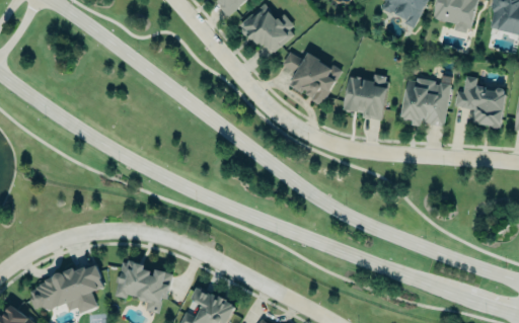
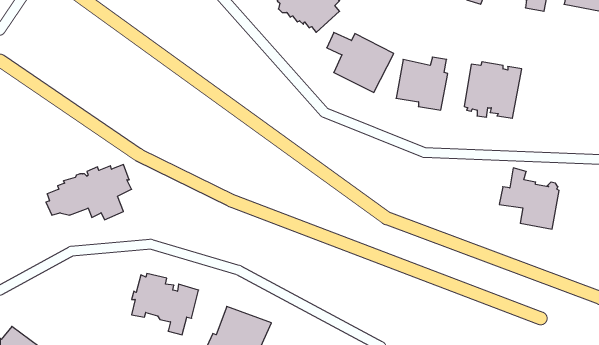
building: [454,75,506,128] -> [499,168,559,229]
building: [29,265,103,313] -> [46,165,132,220]

